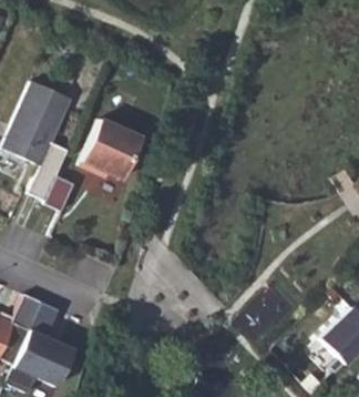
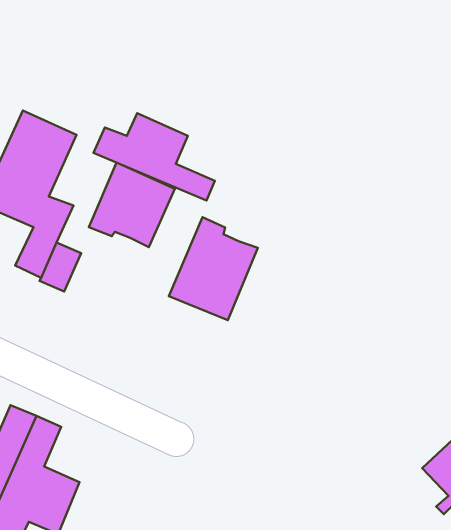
building: none -> [94,113,215,200]
building: none -> [169,217,258,320]

